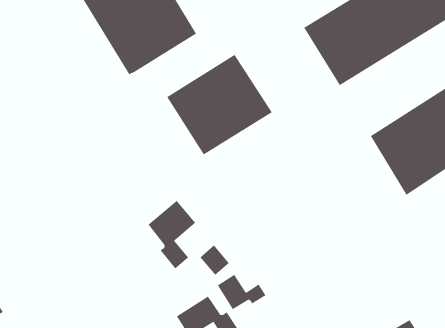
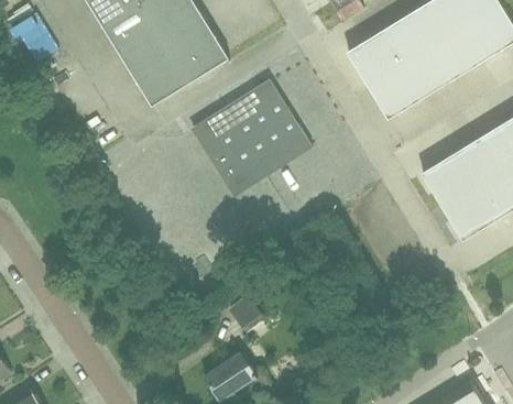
building: [148,200,196,269] -> none
building: [217,274,267,310] -> none

